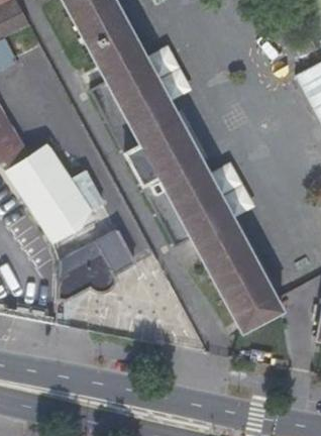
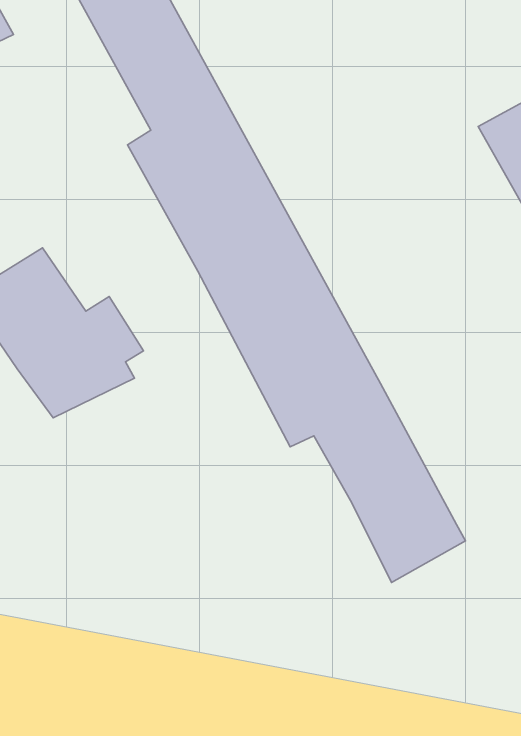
building: [59,228,137,297] -> none

